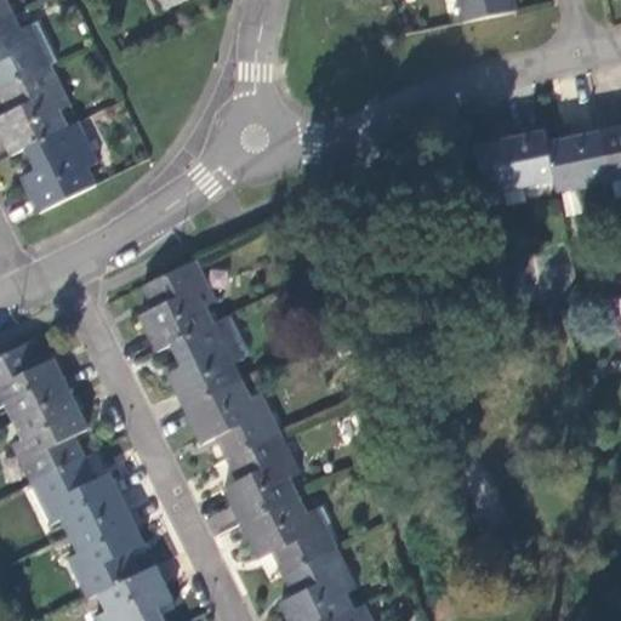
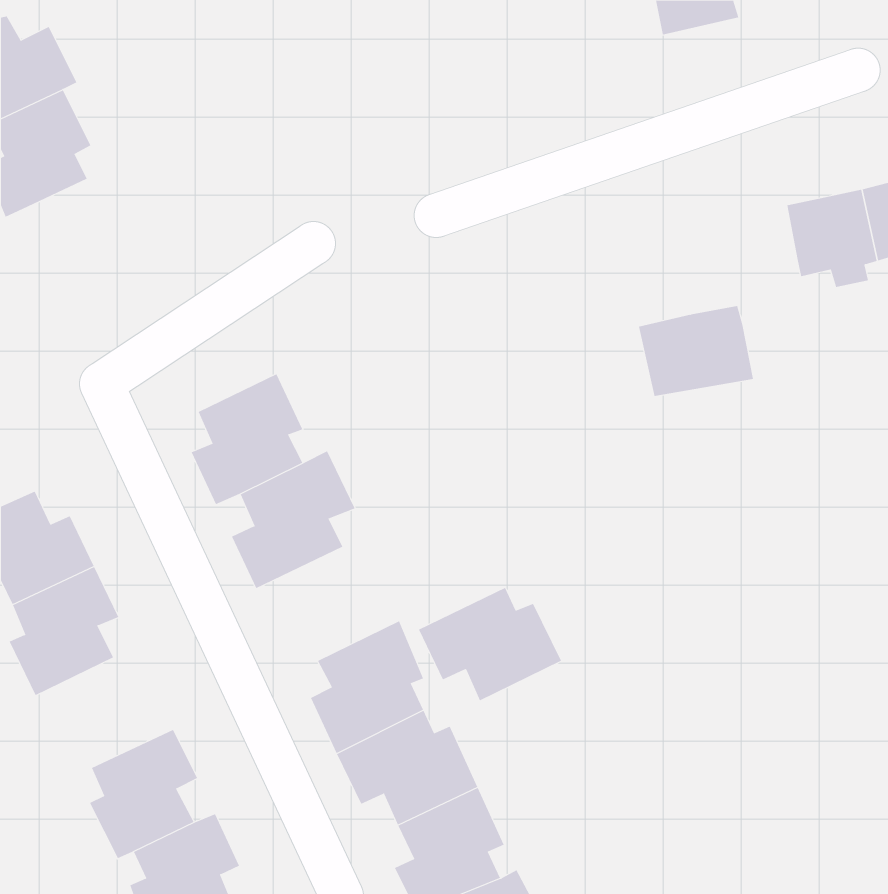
building: [21,120,95,210] -> none
building: [477,130,557,193] -> [638,305,754,397]
building: [182,380,281,458] -> [418,587,562,701]
building: [29,456,125,532] -> none

